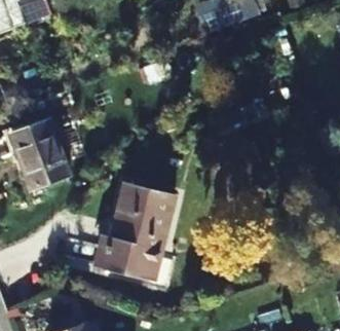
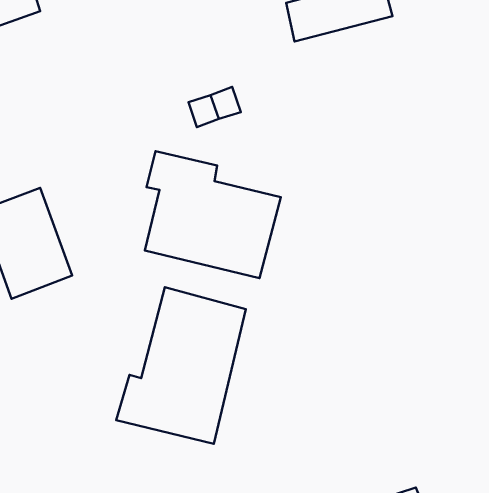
building: none -> [145,151,281,278]

